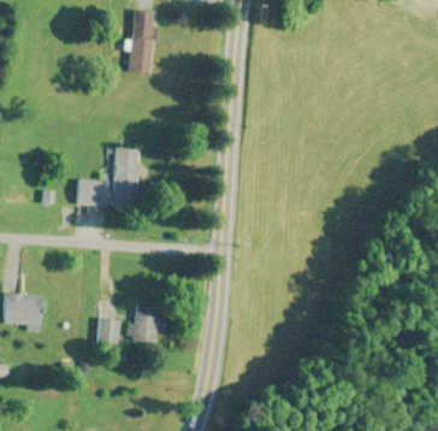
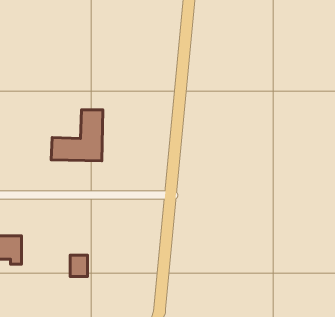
building: [131,25,154,71] -> none
building: [126,305,166,342] -> none

